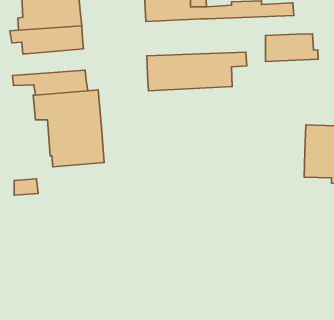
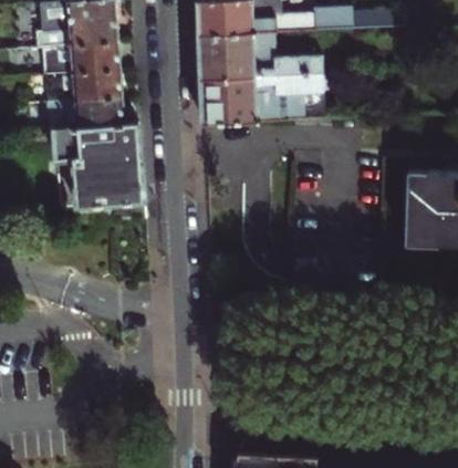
building: none -> [199,34,329,82]
building: [265,34,318,61] -> none
building: none -> [44,73,121,104]

